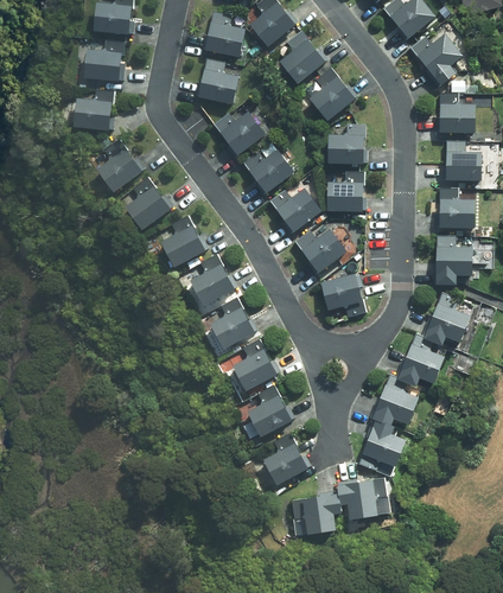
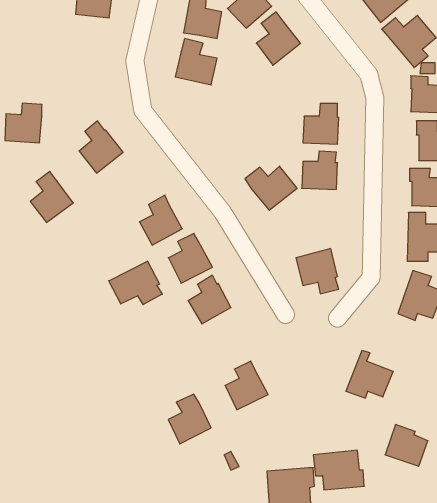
building: [84,40,122,82] -> none
building: [310,68,355,119] -> none
building: [76,89,114,129] -> [5,103,42,143]
building: [211,110,265,154] -> none
building: [241,148,294,193] -> none
building: [127,178,171,230] -> [30,171,73,222]
building: [293,228,348,273] -> none
building: none -> [109,261,162,305]
building: [397,333,445,385] -> none
building: [233,339,278,390] -> none
building: [363,421,407,464] -> [385,425,428,466]
building: [263,433,307,484] -> [168,394,211,444]

